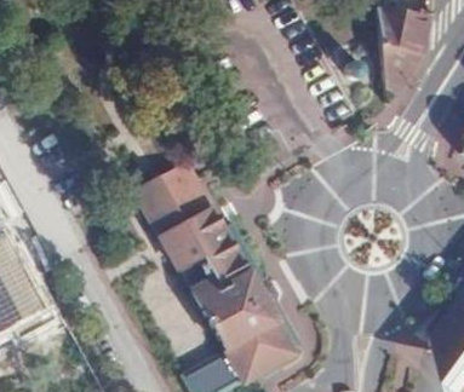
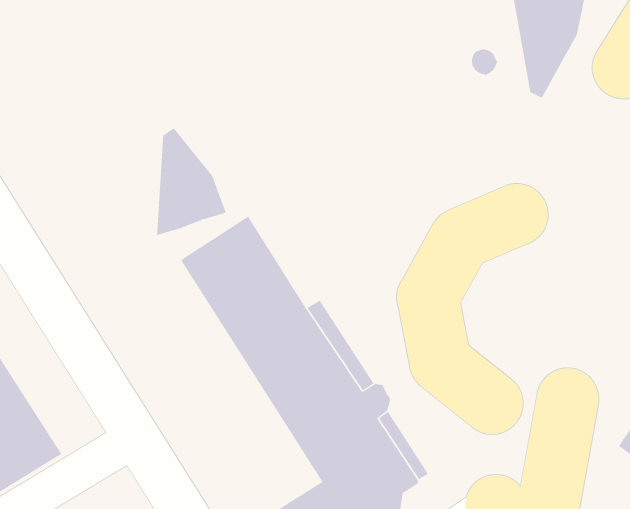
building: none -> [156,128,227,236]

